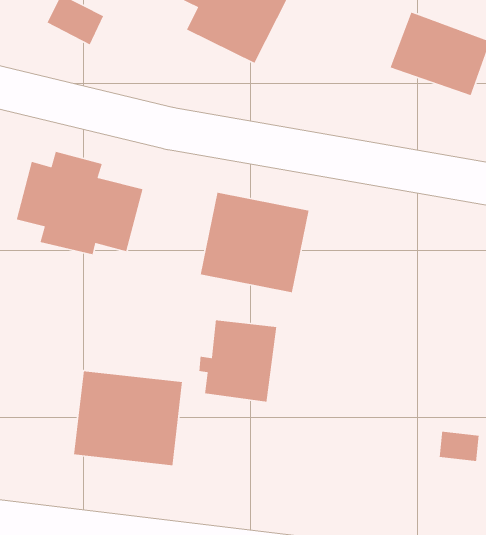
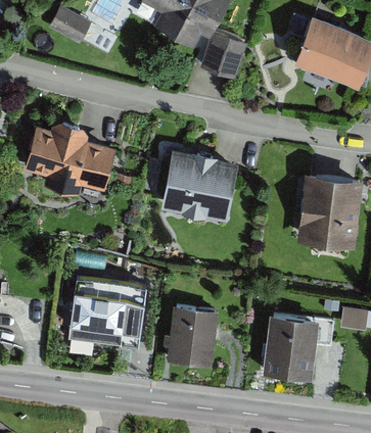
building: none -> [201,38,248,87]
building: none -> [297,173,363,248]
building: [198,319,277,402] -> [161,304,219,365]
building: none -> [262,315,320,381]

